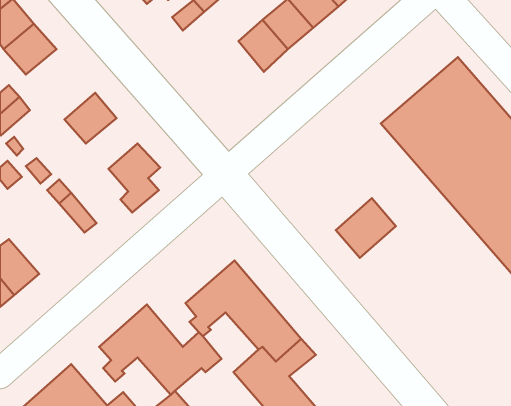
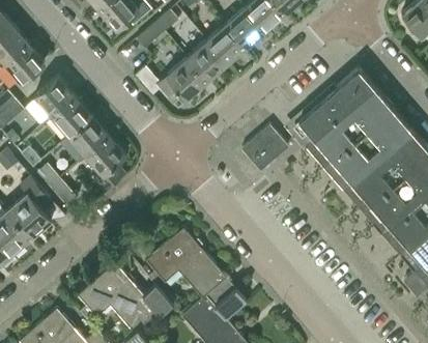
building: none -> [158,57,206,97]
building: none -> [33,78,75,118]
building: none -> [67,117,108,156]
building: none -> [7,178,51,238]
building: [336,198,396,258] -> [241,126,288,173]

